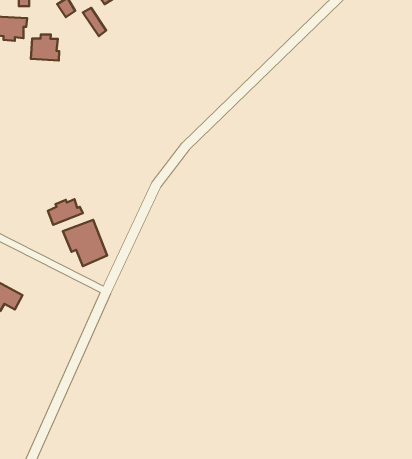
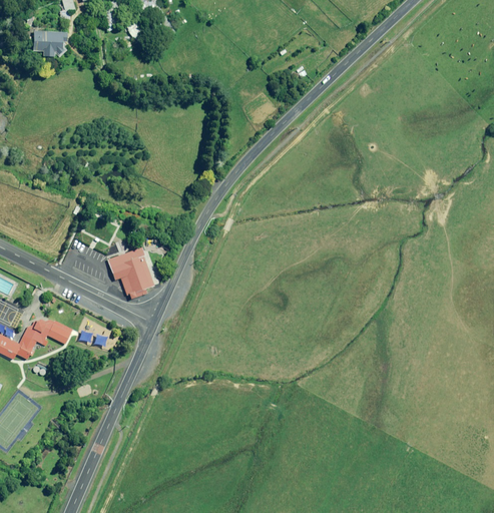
building: [31,34,59,61] -> none
building: [48,199,83,225] -> none

